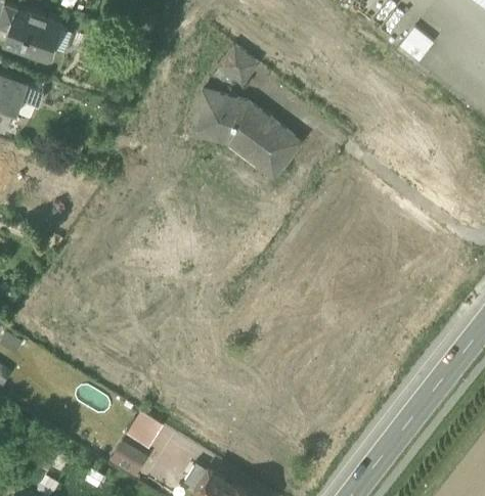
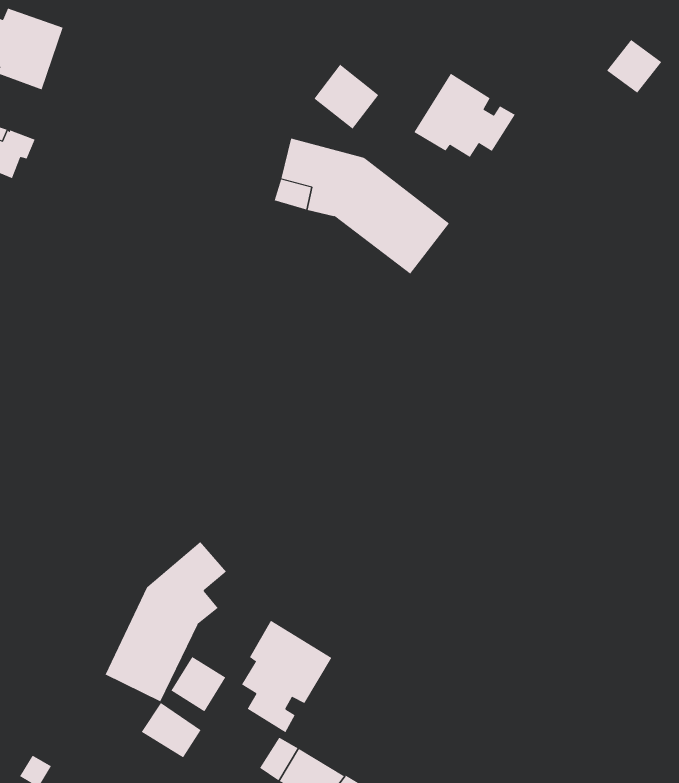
building: none -> [413,73,515,158]
building: none -> [105,541,227,702]
building: none -> [241,620,332,733]

